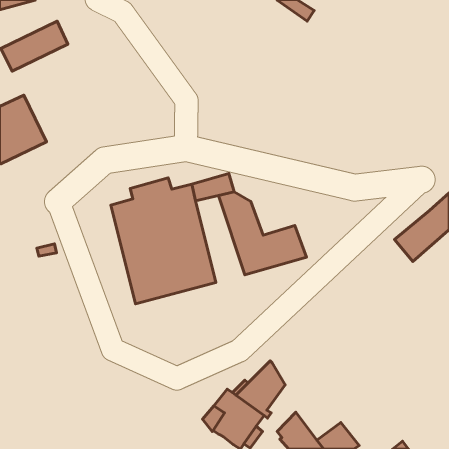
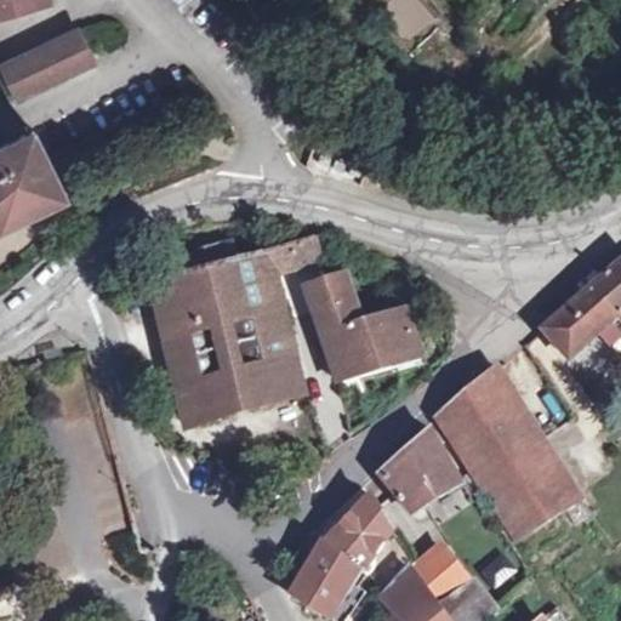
building: none -> [438,370,580,541]
building: none -> [382,435,460,513]
building: none -> [408,546,469,606]

